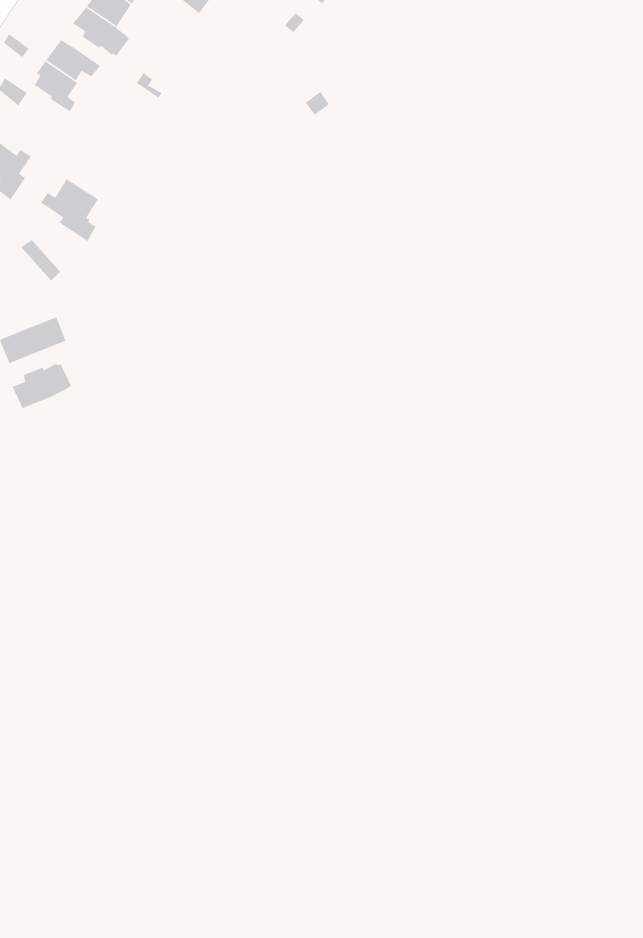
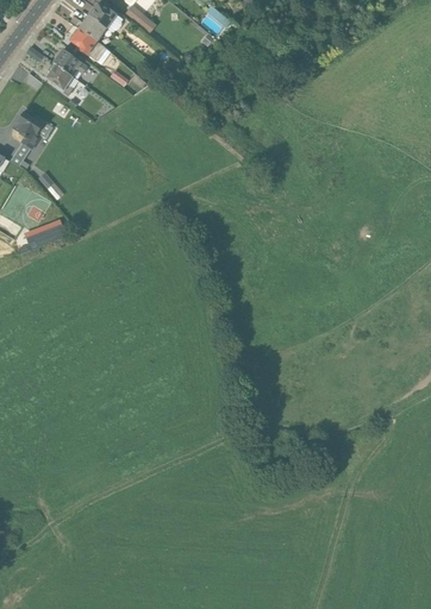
building: [40,178,99,242] -> none
building: [11,362,72,409] -> none

